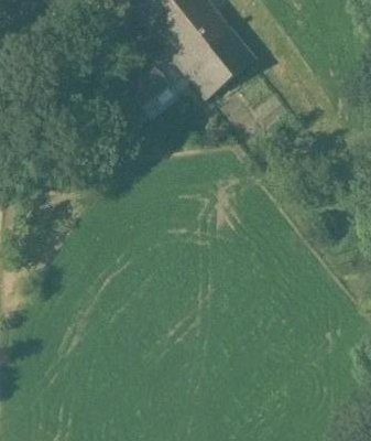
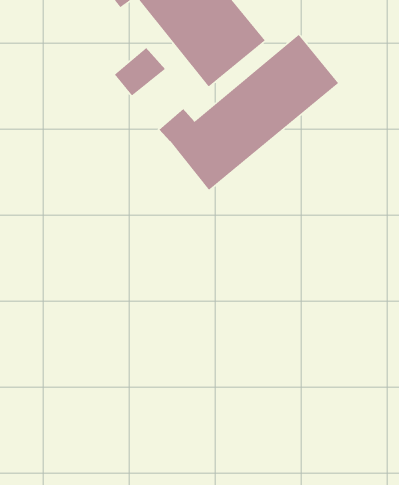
building: none -> [159,34,339,191]

